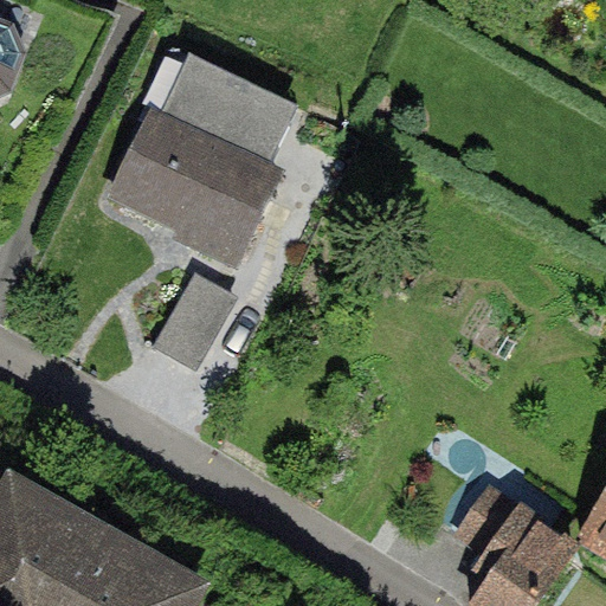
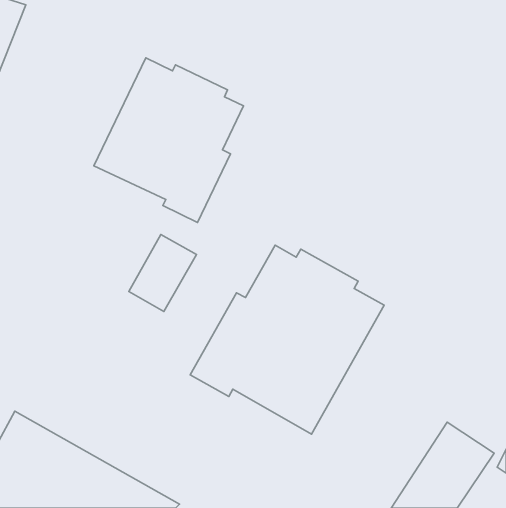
building: none -> [190,245,384,434]

